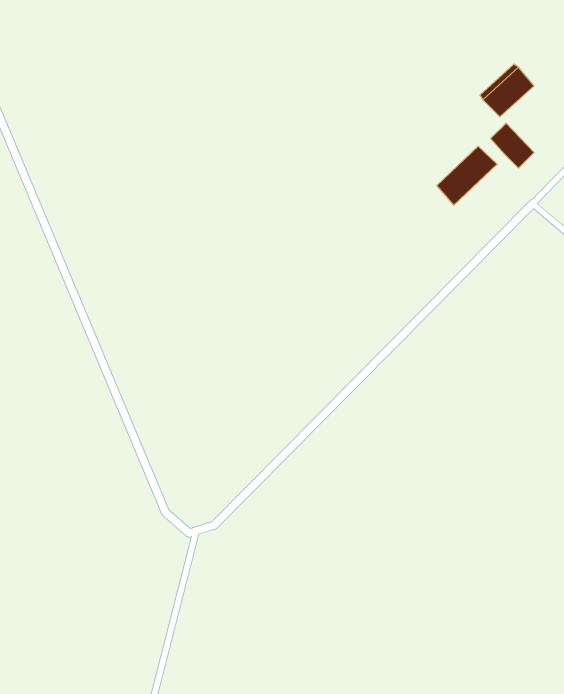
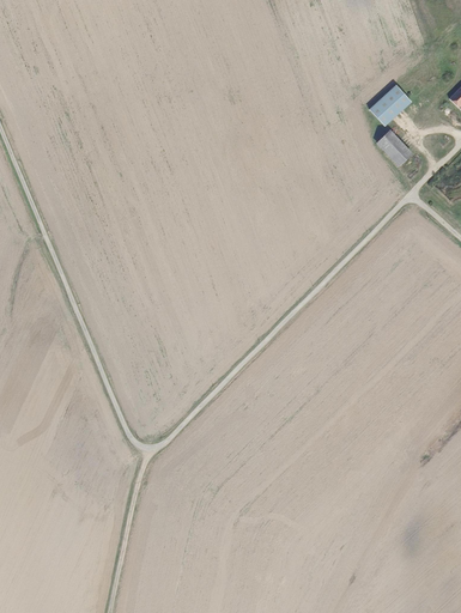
building: [437,146,497,205] -> none

